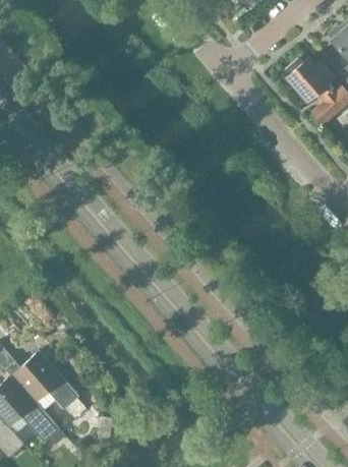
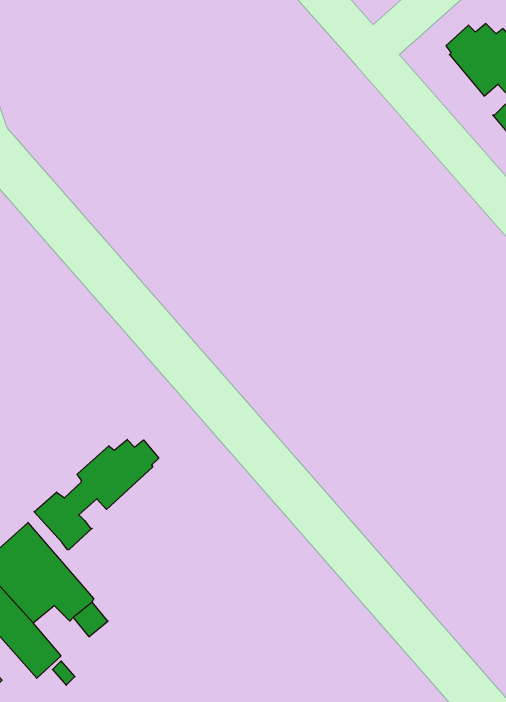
building: none -> [34,439,159,550]

